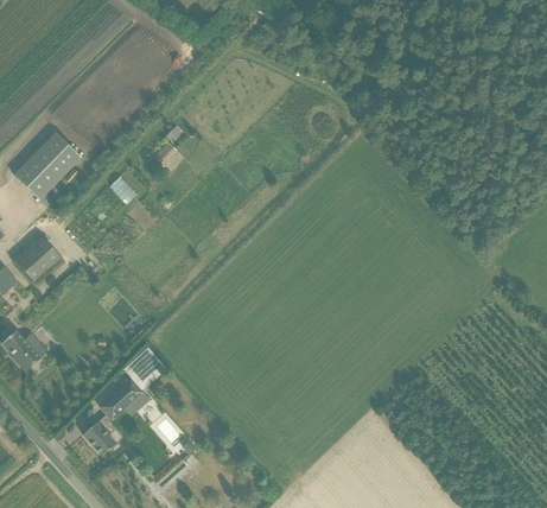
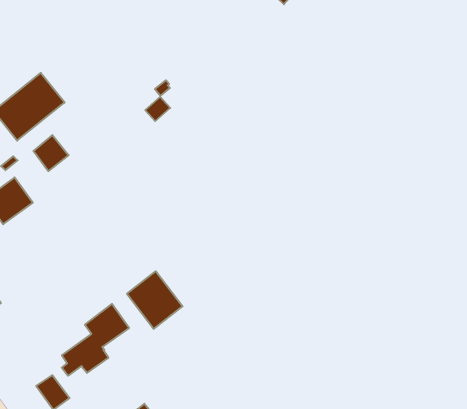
building: none -> [33,135,69,171]
building: none -> [127,271,183,329]

